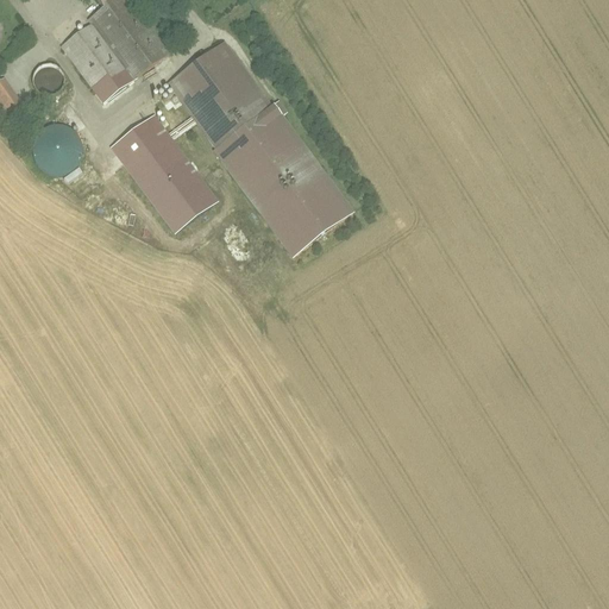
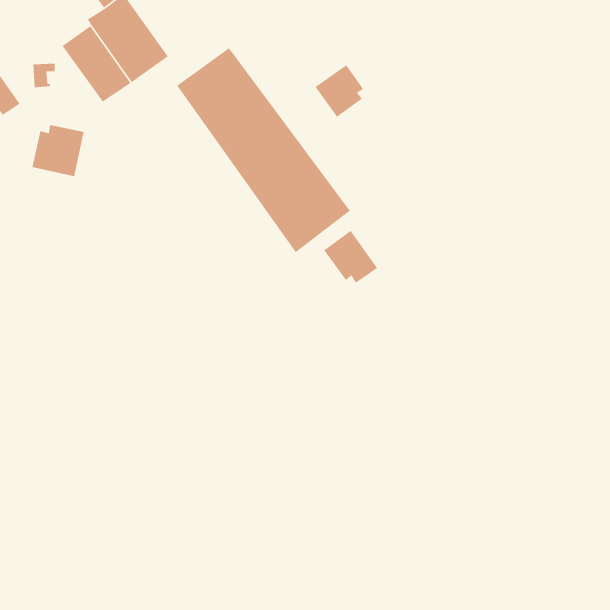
building: none -> [314,64,364,118]
building: [107,112,214,228] -> none
building: none -> [323,230,378,284]

